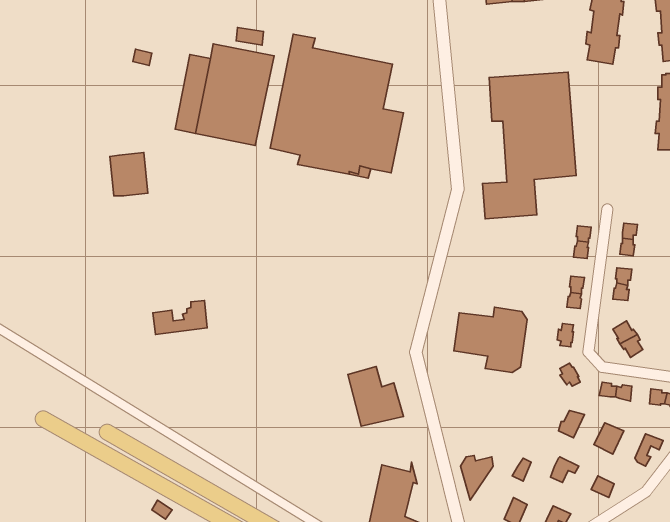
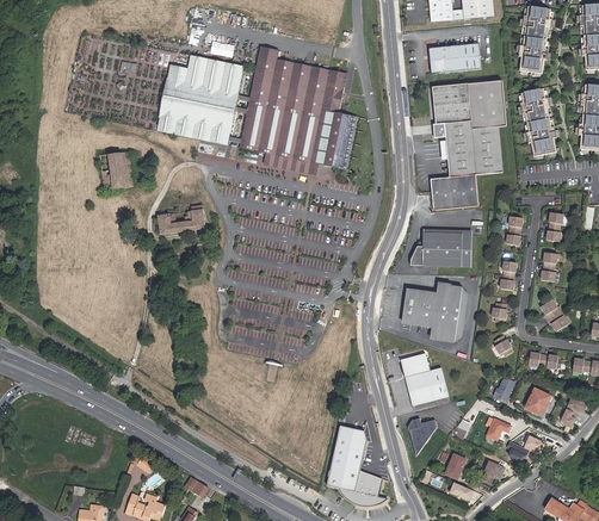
building: none -> [428,42,478,72]
building: none -> [519,87,555,156]
building: none -> [409,230,471,265]
building: [153,301,207,335] -> [156,204,204,234]
building: [348,366,403,426] -> [400,351,449,403]

